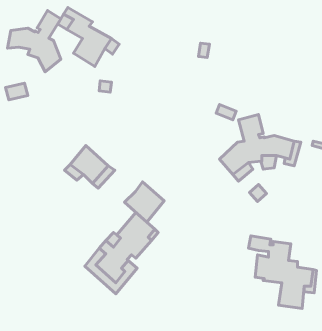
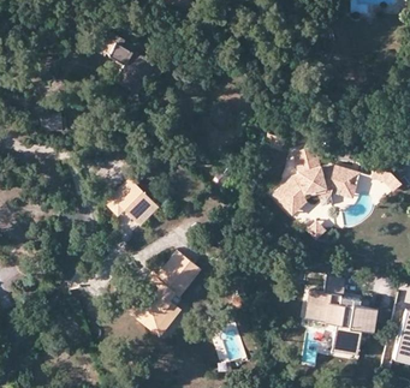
building: [8,11,61,72] -> none
building: [124,182,164,222] -> none

